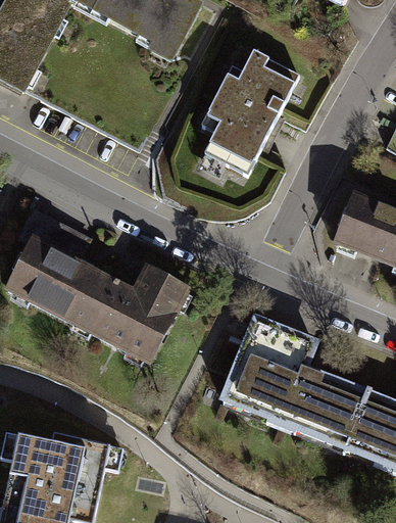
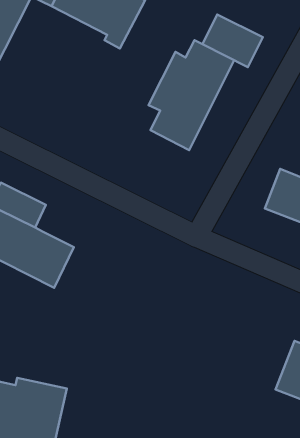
building: none -> [203,15,263,67]
building: [94,268,185,358] -> none
building: [225,319,366,445] -> none

